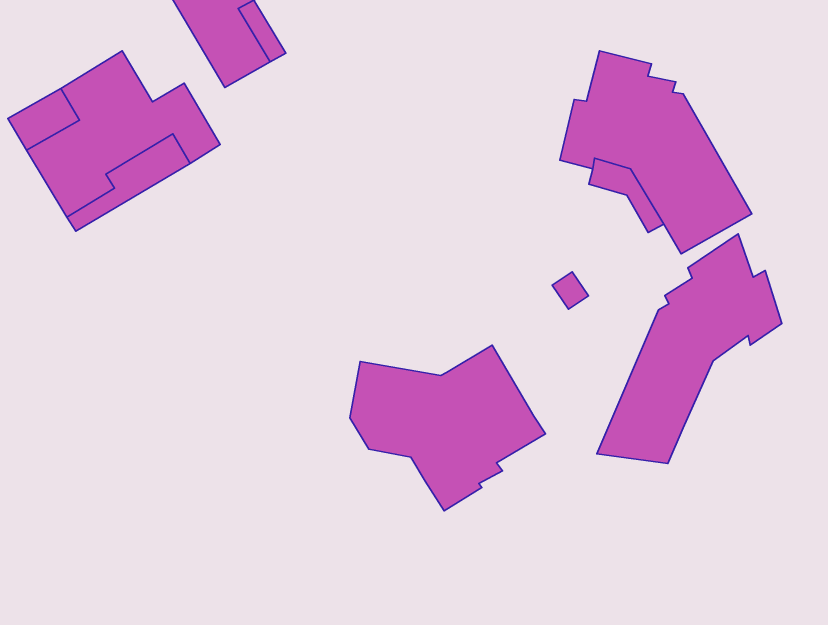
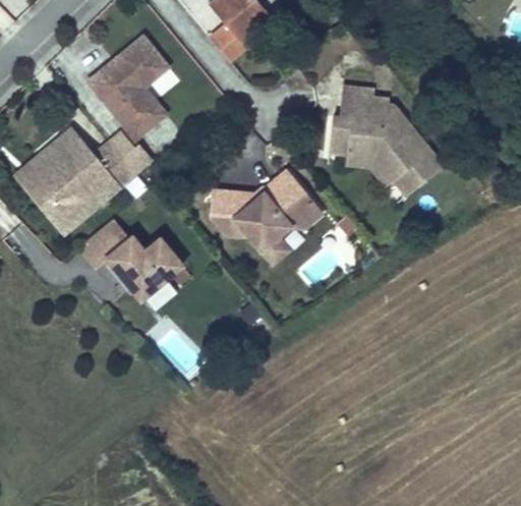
building: none -> [78,218,183,300]
building: [597,234,782,464] -> none
building: [350,345,546,511] -> [212,166,324,264]

